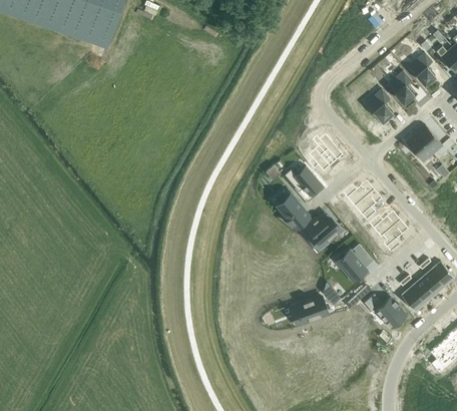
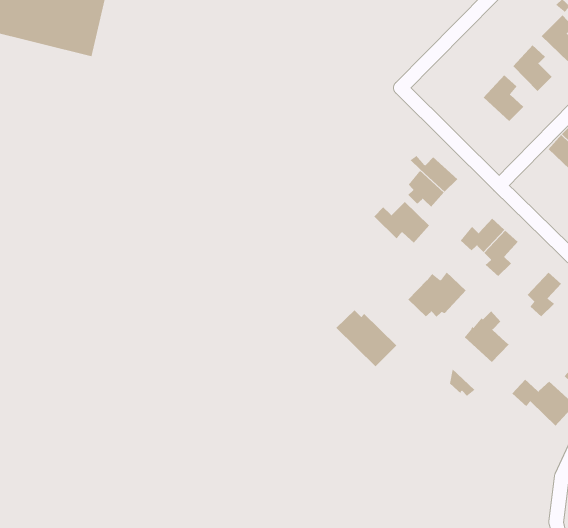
building: [271,188,311,229] -> [335,309,397,367]
building: [367,215,398,238] -> none
building: [296,296,328,323] -> none

